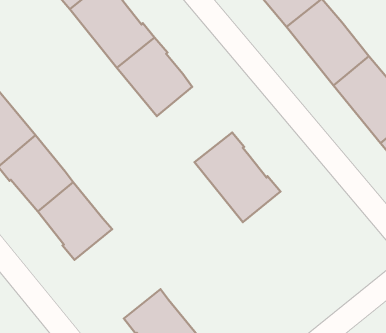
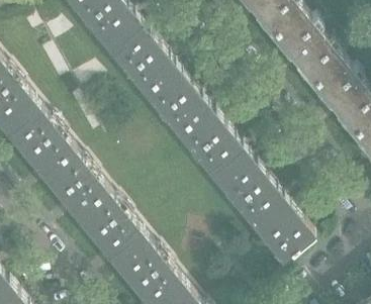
building: none -> [162,89,226,154]
building: none -> [236,179,315,263]
building: none -> [91,211,165,288]

